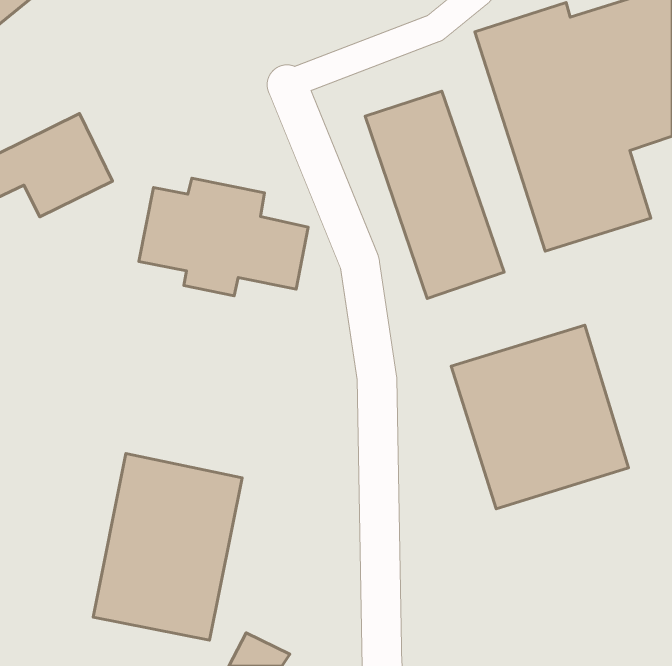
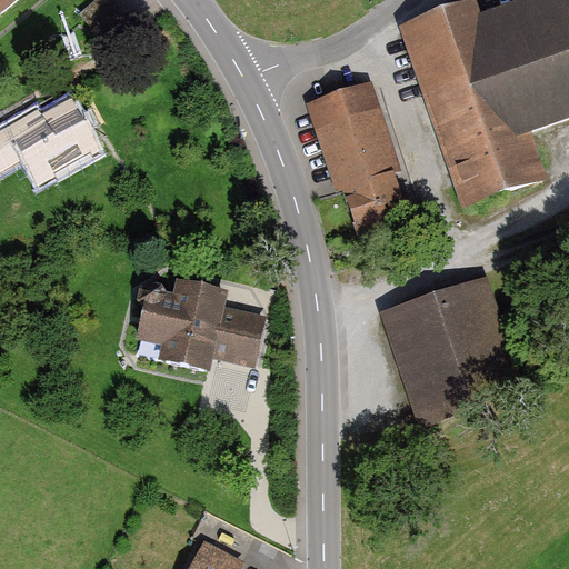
building: [139,178,308,296] -> [127,268,269,367]
building: [93,453,242,640] -> none

